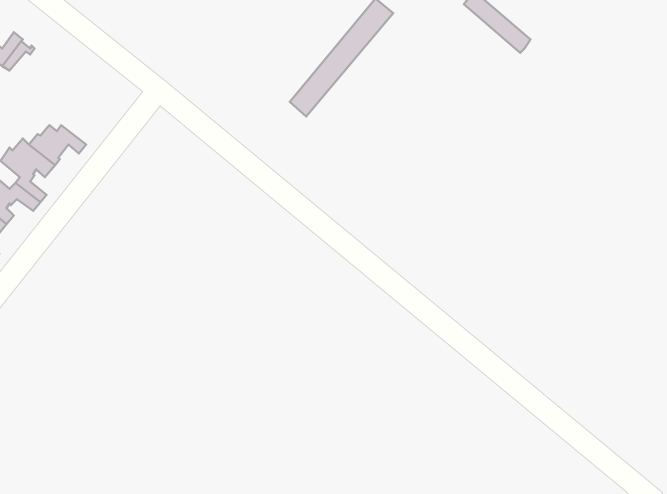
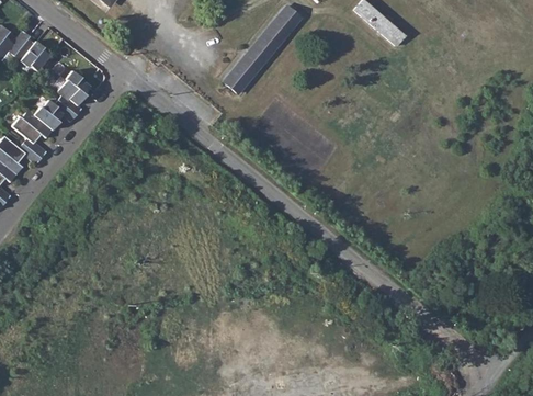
building: none -> [18,43,48,70]
building: none -> [55,70,88,114]

